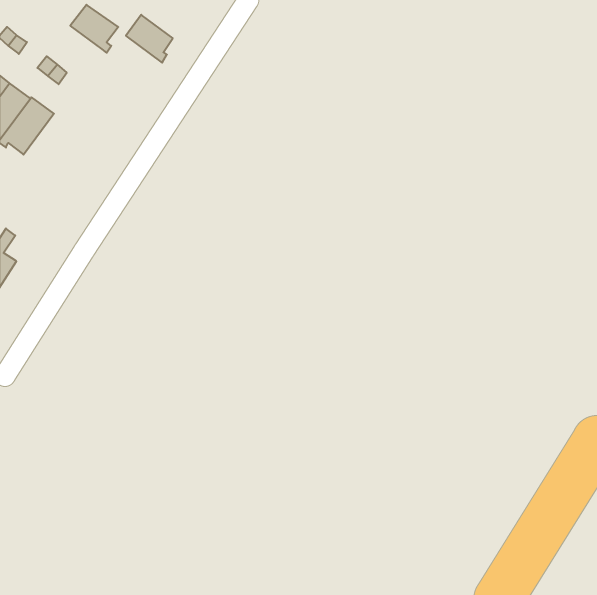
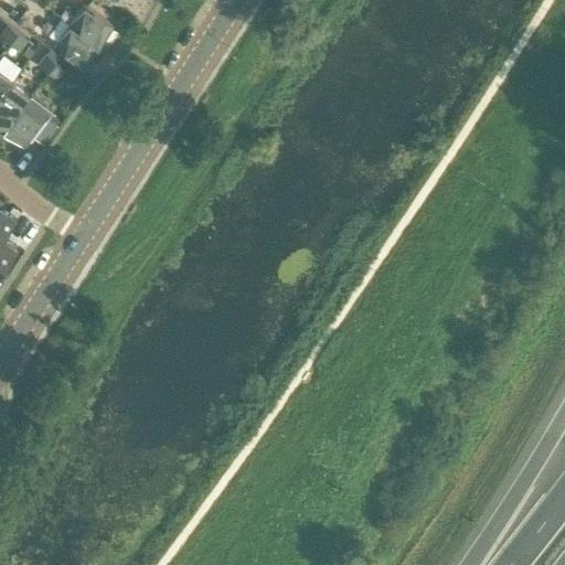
building: [126,15,173,63] -> [52,28,96,73]

